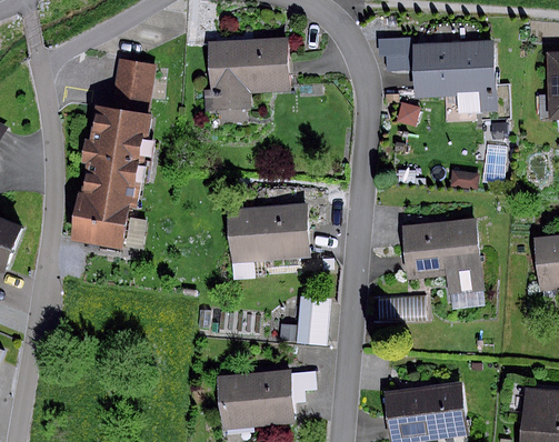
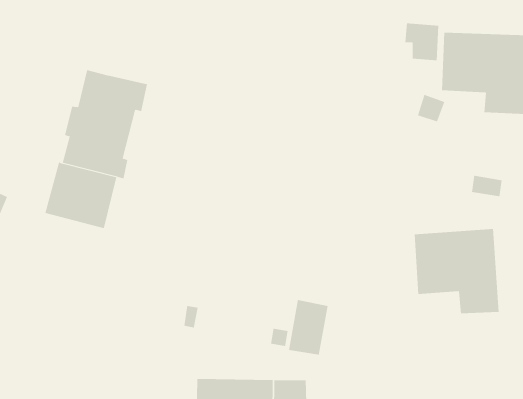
building: [204,39,290,111] -> none
building: [112,59,158,112] -> none
building: [229,207,312,281] -> none

